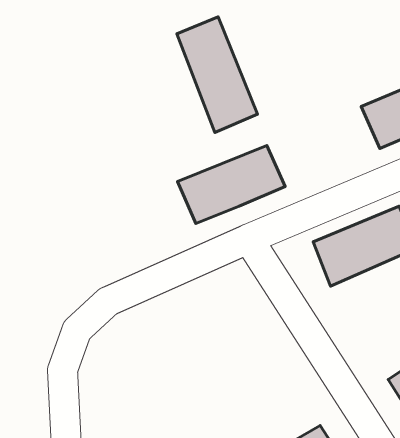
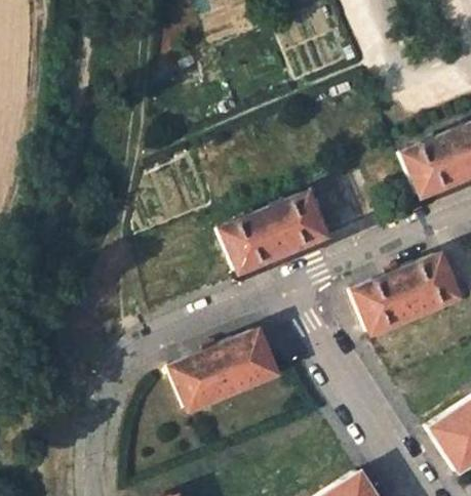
building: [177,17,258,132] -> none
building: none -> [171,331,277,410]

